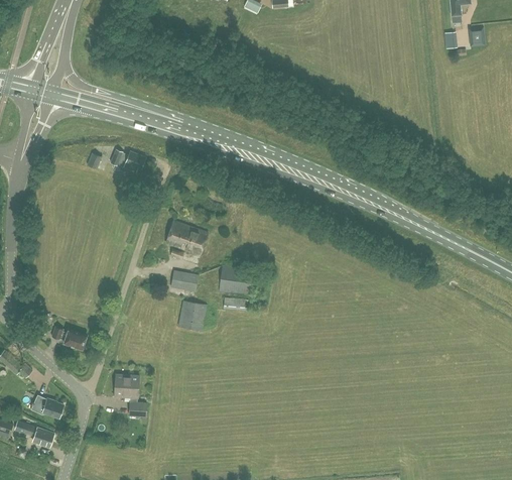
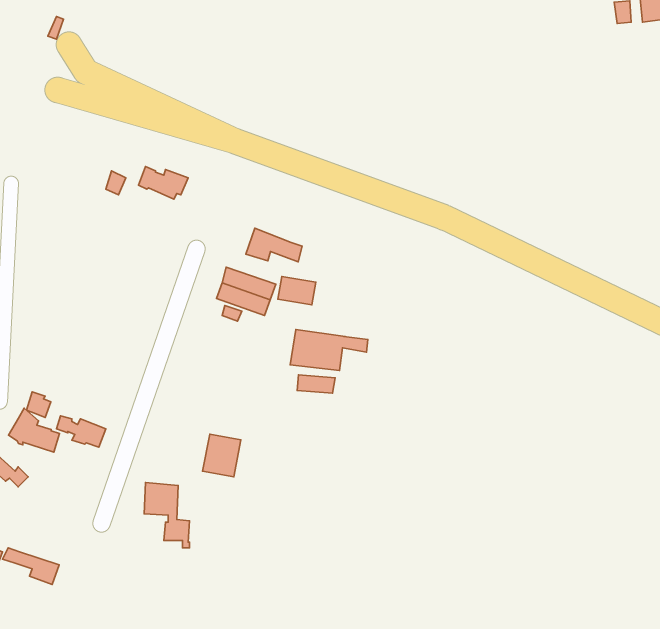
building: none -> [246,228,302,262]
building: [170,271,198,291] -> [278,276,316,305]
building: [178,301,206,331] -> [203,434,241,477]
building: [26,386,62,417] -> [9,408,60,452]

